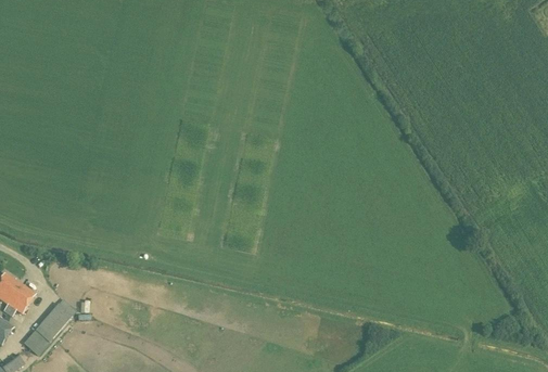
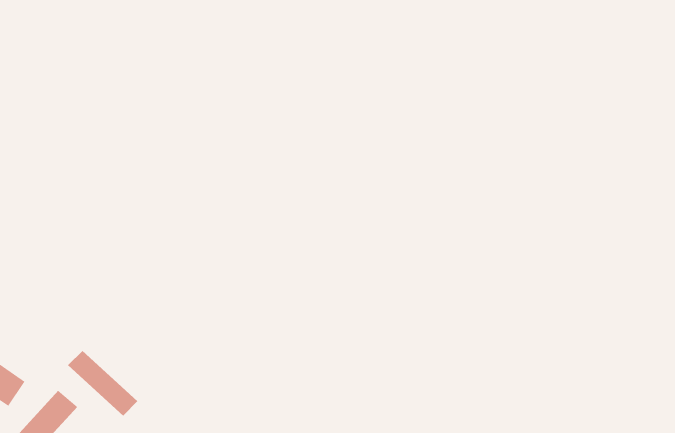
building: none -> [67,350,138,416]

